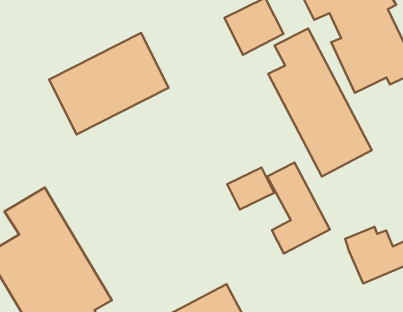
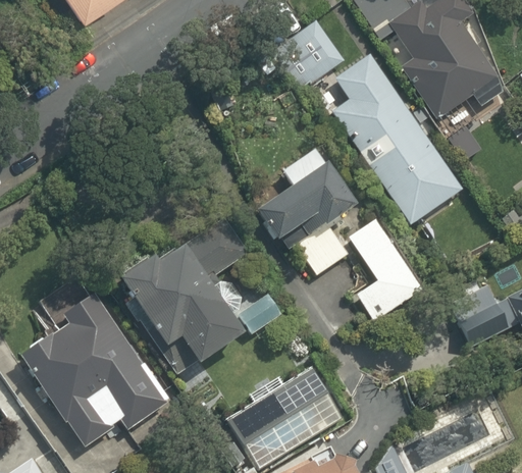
building: [49,33,169,134] -> none
building: none -> [257,148,354,248]
building: none -> [121,230,284,376]

